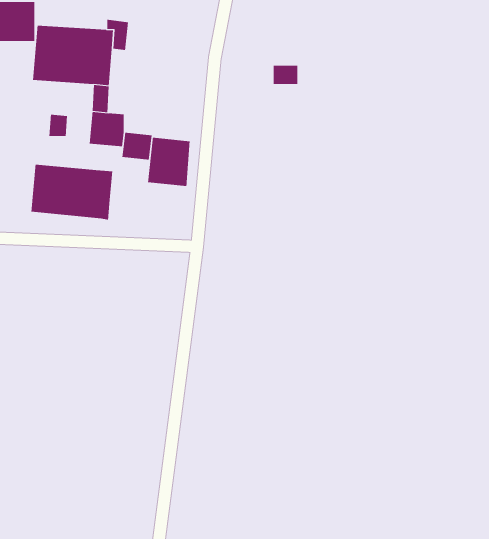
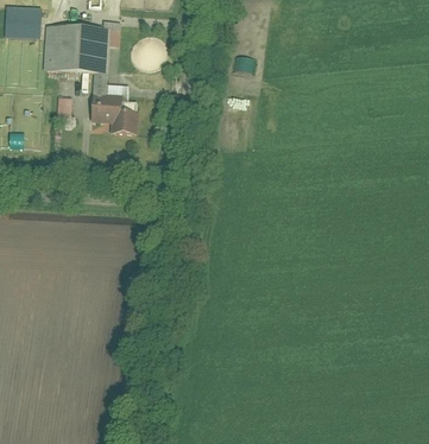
building: [148,137,190,187] -> none
building: [31,164,113,220] -> none

